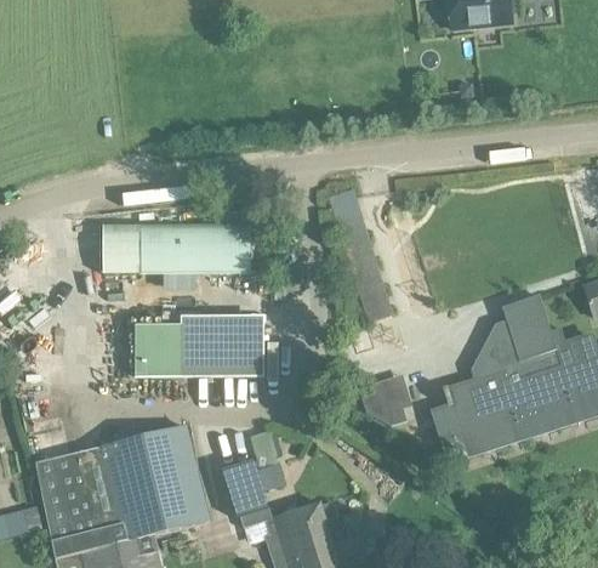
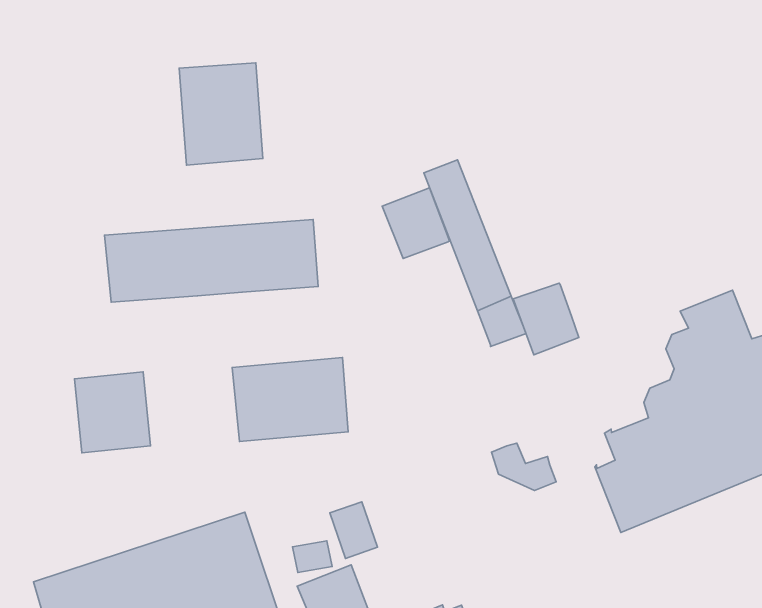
building: none -> [179,63,263,165]
building: none -> [382,188,449,258]
building: none -> [513,283,579,355]
building: [137,324,187,377] -> [74,372,150,453]

